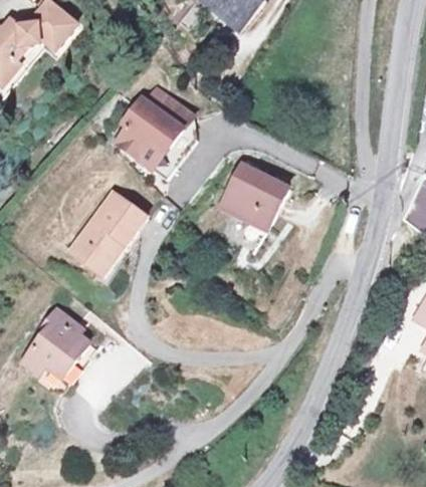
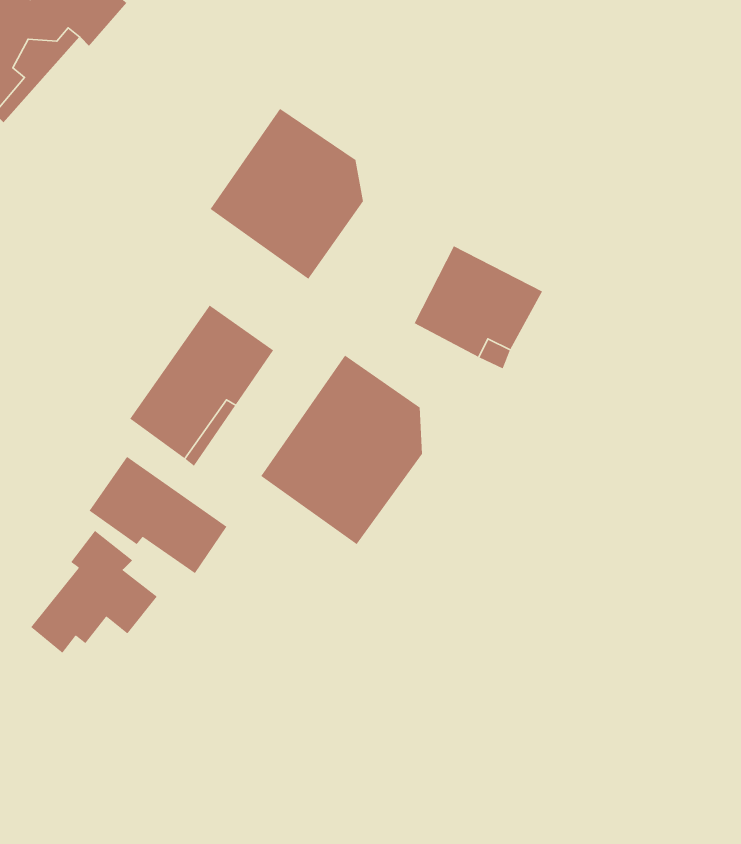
building: none -> [260,354,423,545]
building: none -> [89,456,228,574]

